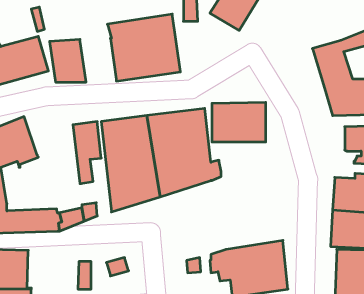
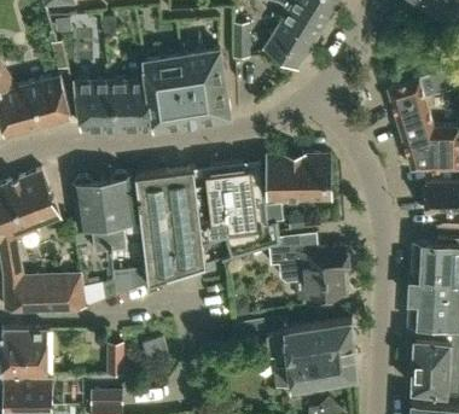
building: none -> [109,77,152,129]
building: none -> [72,180,109,251]
building: none -> [266,233,348,301]

